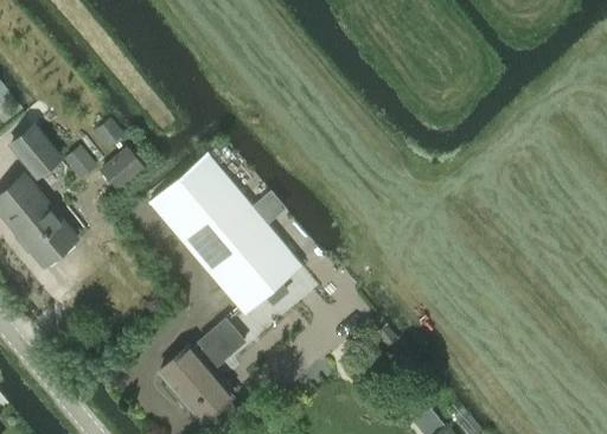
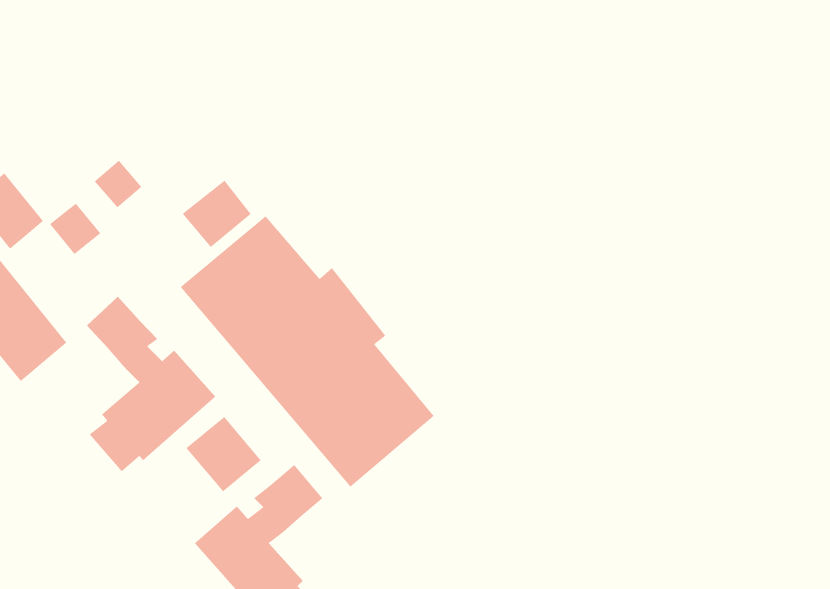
building: [98,146,145,191] -> [182,180,252,248]
building: none -> [86,296,216,472]
building: none -> [186,416,262,492]

